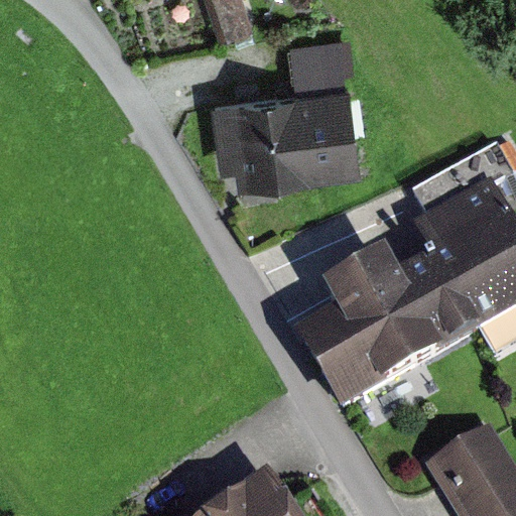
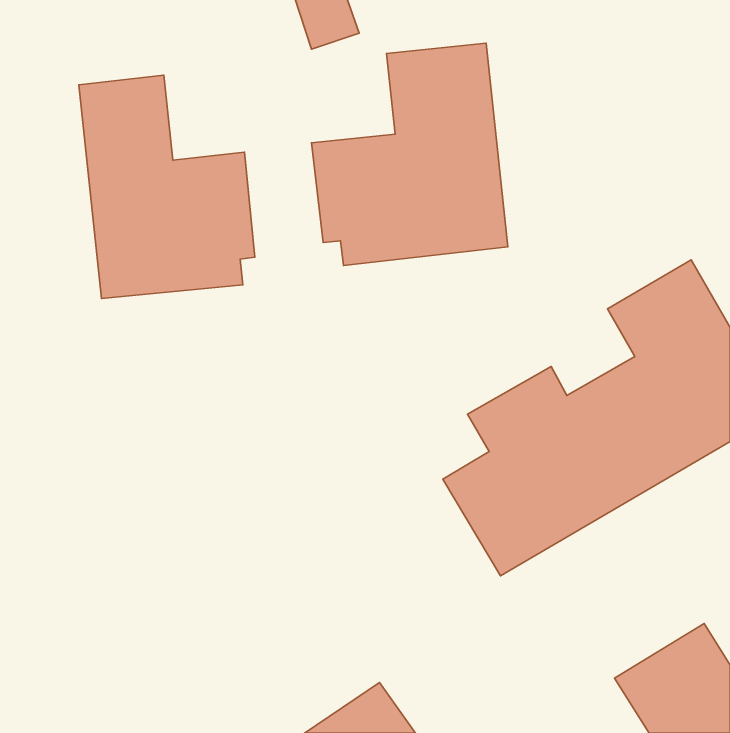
building: none -> [79,75,255,299]

